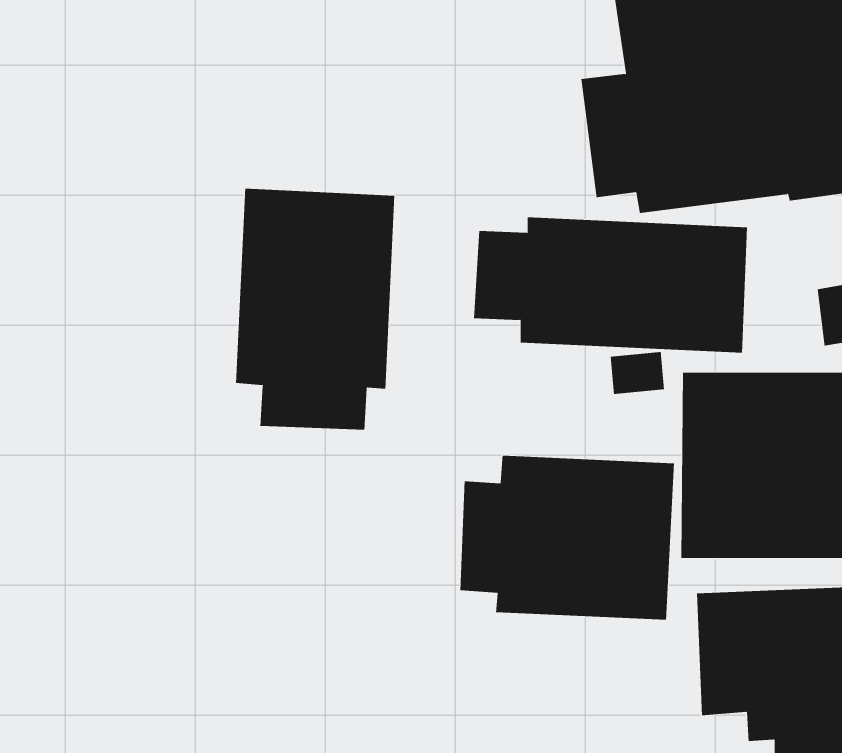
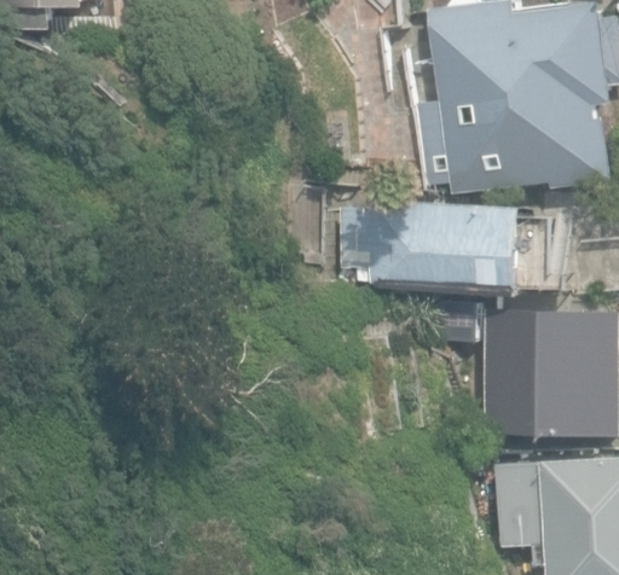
building: [236,188,395,431] -> none
building: [460,455,674,621] -> none

